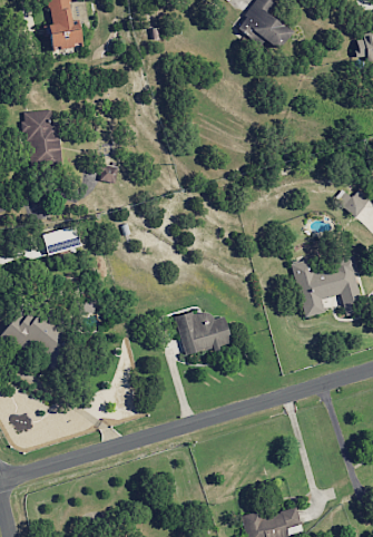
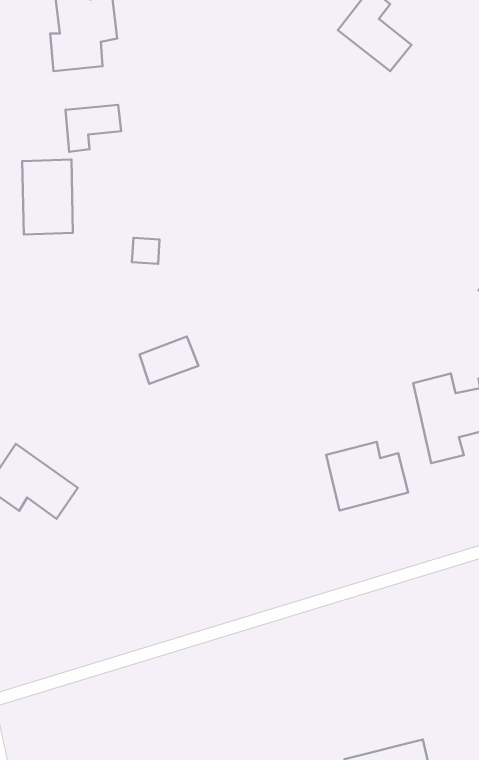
building: none -> [65,105,121,152]
building: [42,224,82,256] -> [139,336,198,384]
building: [175,309,230,355] -> [326,442,408,510]

